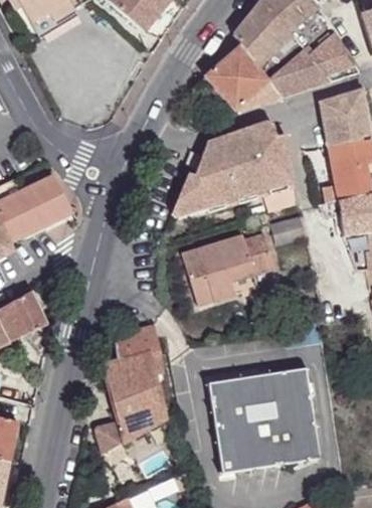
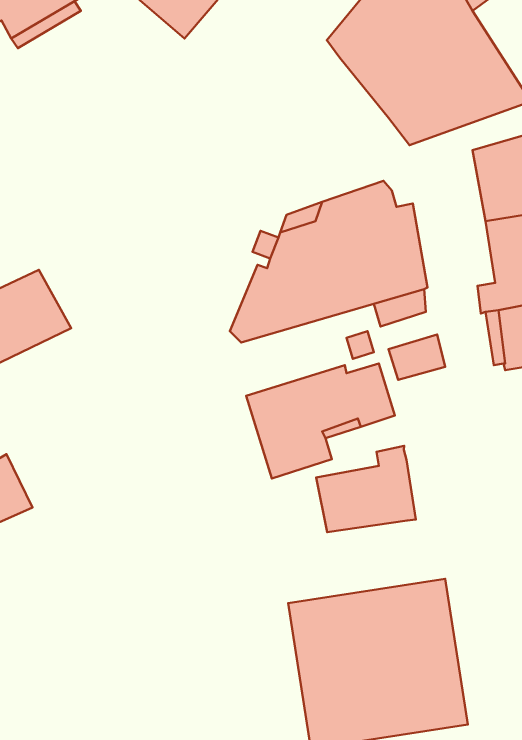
building: [185,43,270,124] -> none
building: none -> [316,446,416,532]
building: [96,323,166,452] -> none

